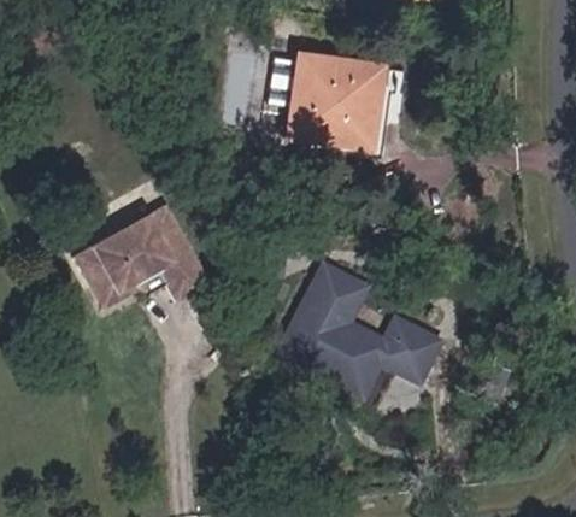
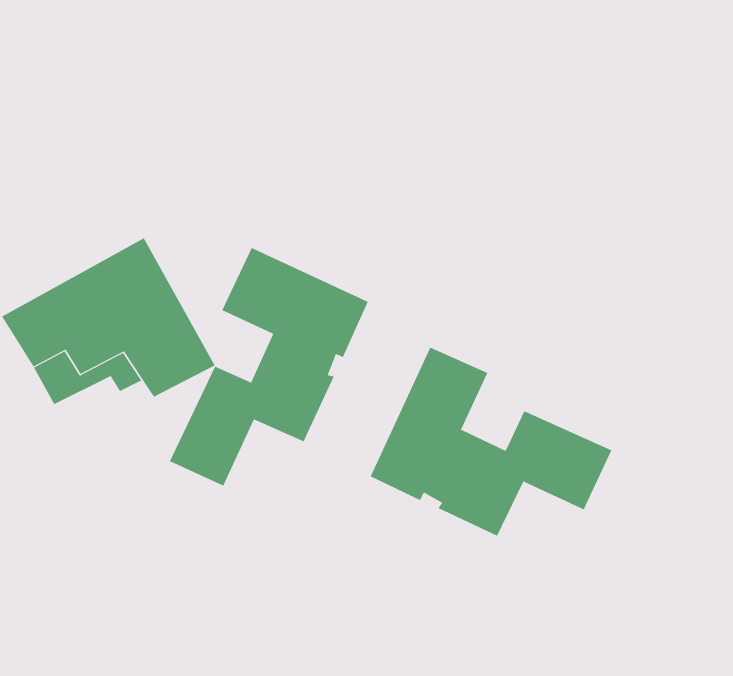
building: [290,65,398,155] -> none
building: none -> [169,247,368,486]

